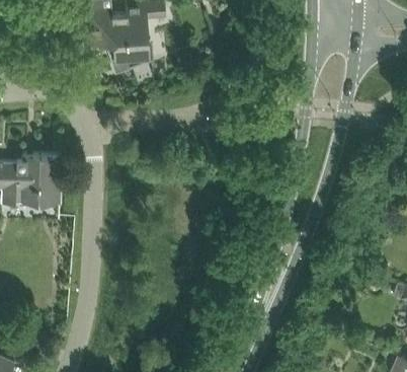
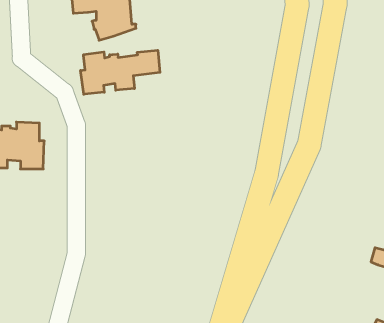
building: none -> [81,50,160,94]

